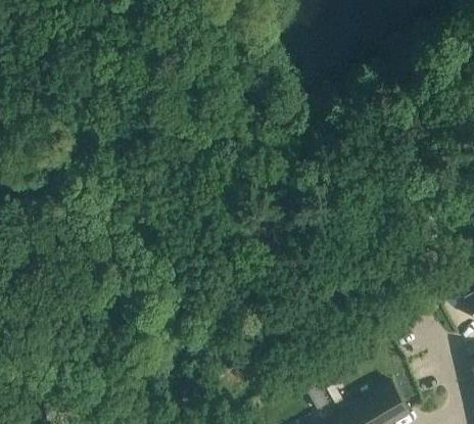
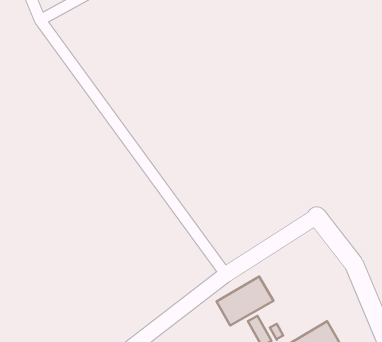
building: none -> [217,277,273,326]

